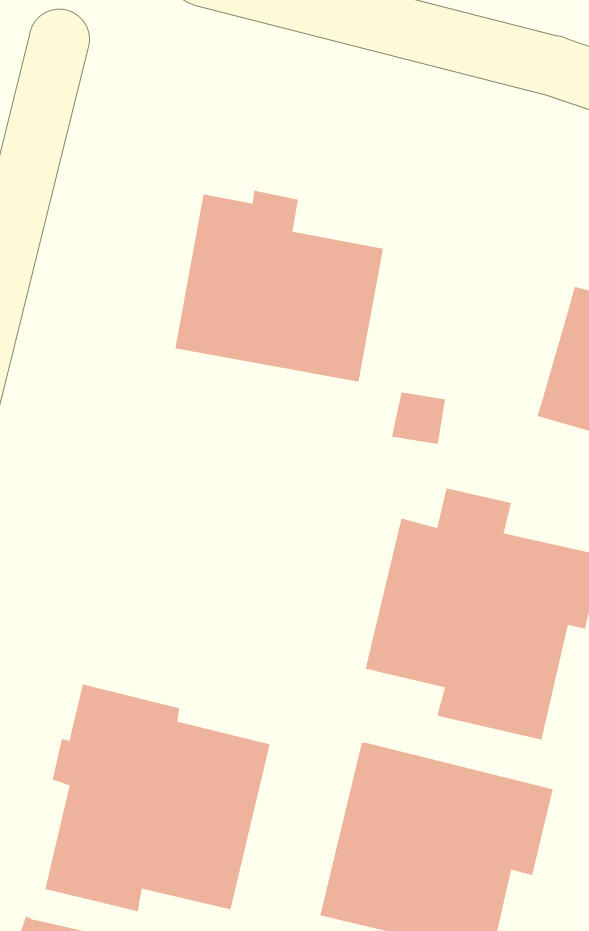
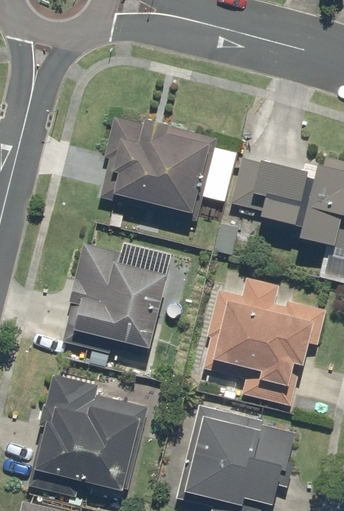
building: none -> [230,157,310,227]
building: none -> [69,241,174,363]

